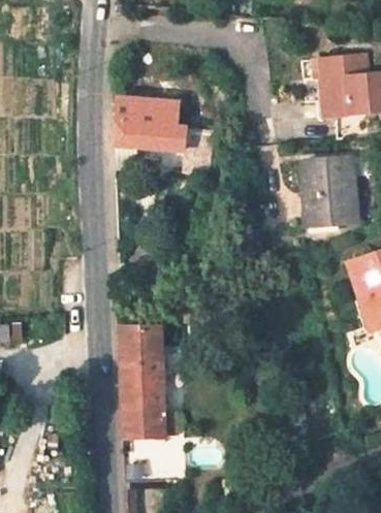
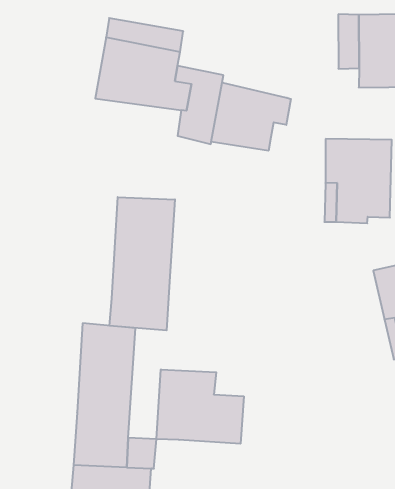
building: none -> [211,82,291,151]
building: none -> [110,197,175,330]
building: none -> [157,369,244,444]

